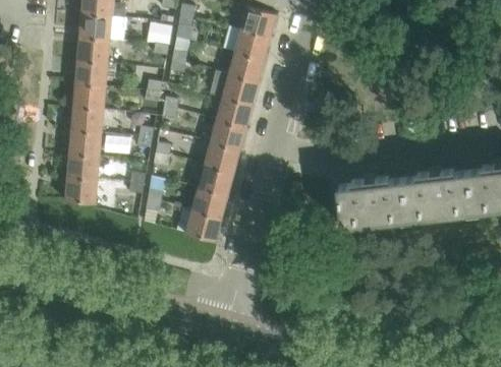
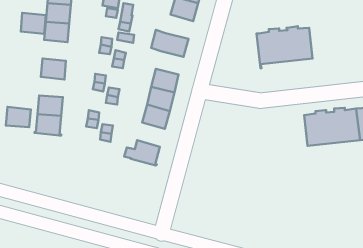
building: [228,55,263,85] -> none
building: [73,86,105,113] -> [21,13,46,34]
building: [216,101,250,130] -> none
building: [69,133,101,159] -> [6,107,31,127]
building: [336,179,406,232] -> [257,26,312,68]
building: [192,190,227,221] -> none

